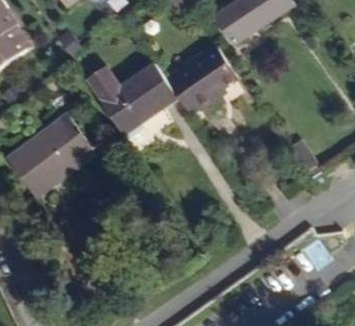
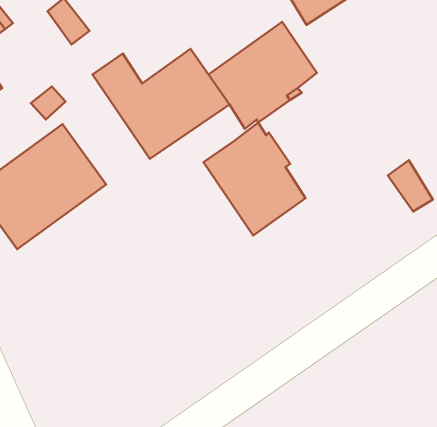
building: none -> [204,123,305,235]

